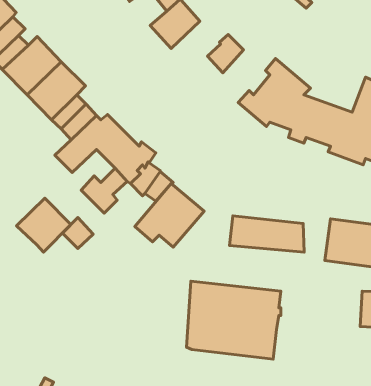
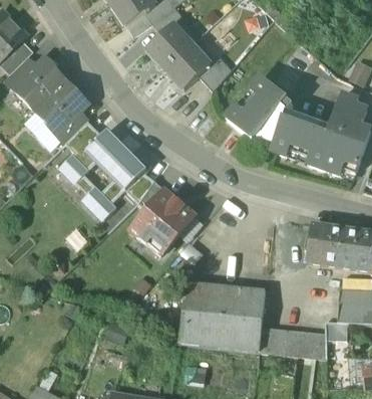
building: none -> [164,43,210,88]
building: [16,198,71,252] -> none
building: [229,216,304,252] -> [258,326,326,359]

